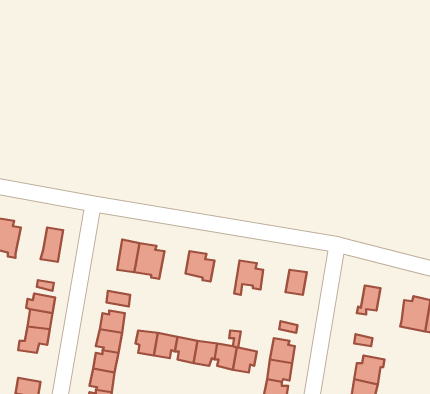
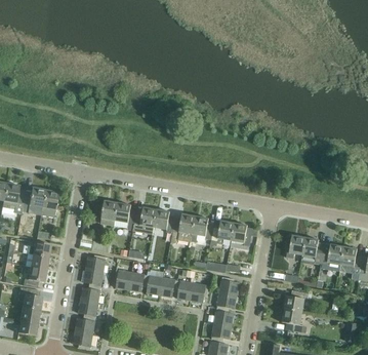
building: none -> [21,188,45,212]
building: none -> [132,206,156,233]
building: none -> [170,213,195,242]
building: none -> [210,220,234,245]
building: none -> [301,237,323,263]
building: none -> [17,286,42,310]

